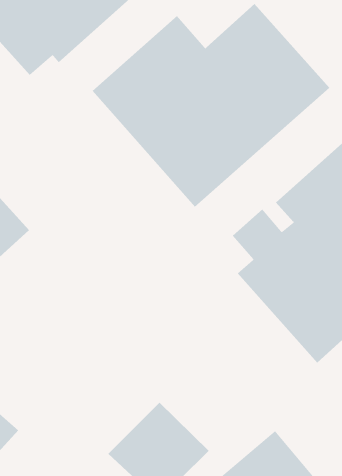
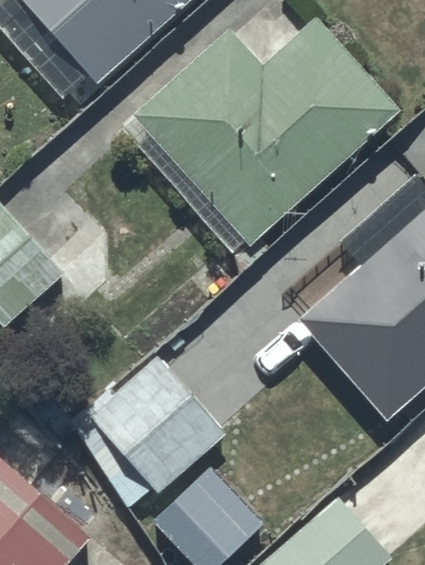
building: none -> [72,358,225,509]

